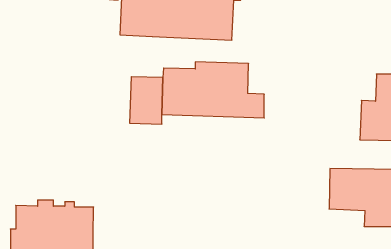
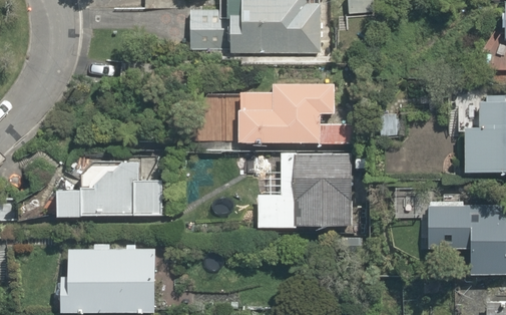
building: none -> [263,149,358,230]
building: none -> [58,160,164,219]

